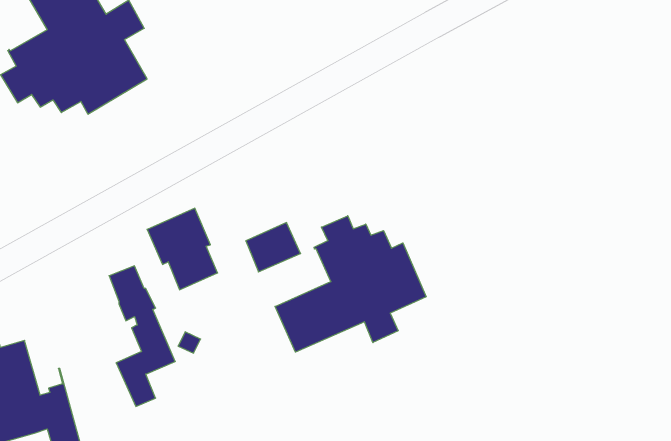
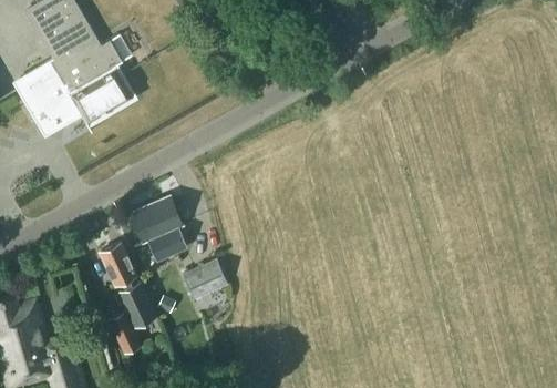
building: [275,216,426,352] -> none
building: [246,223,301,272] -> [184,262,227,300]

